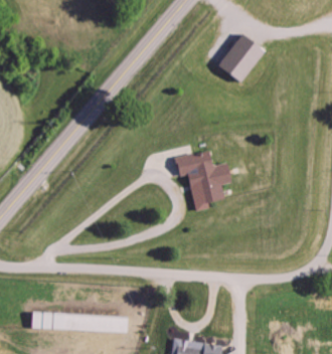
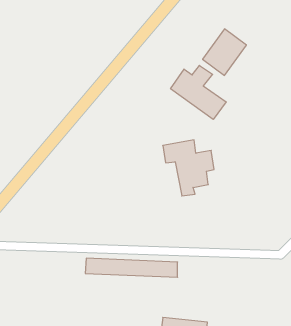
building: none -> [171,65,226,119]
building: [30,312,128,332] -> [85,258,178,277]

